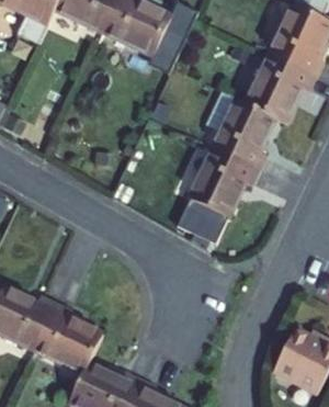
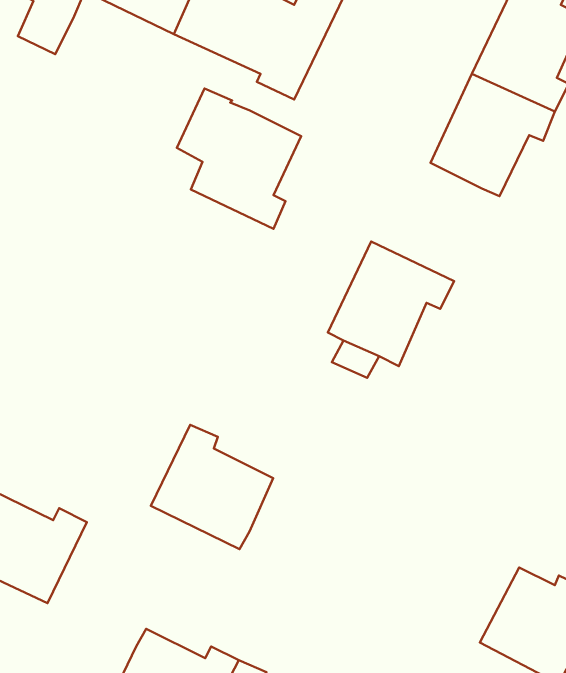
building: [205,92,274,170] -> [177,89,301,229]
building: [33,304,101,373] -> [151,425,273,549]

